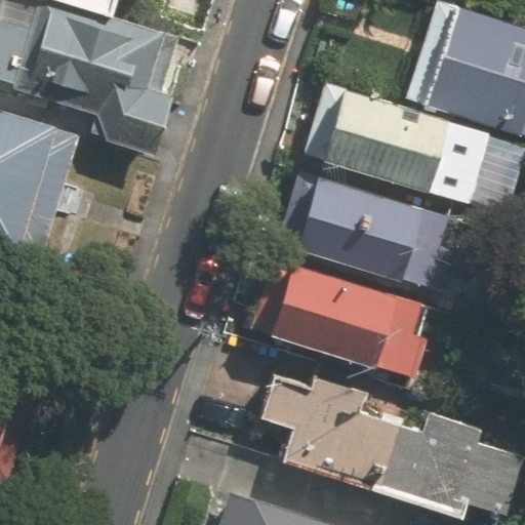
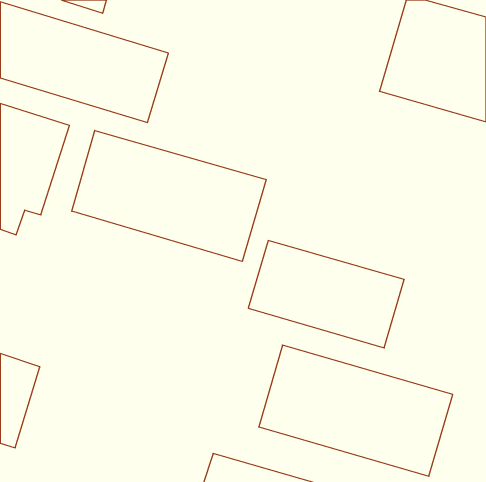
building: [316,89,490,206] -> none
building: none -> [72,130,266,261]
building: [291,177,448,289] -> none

